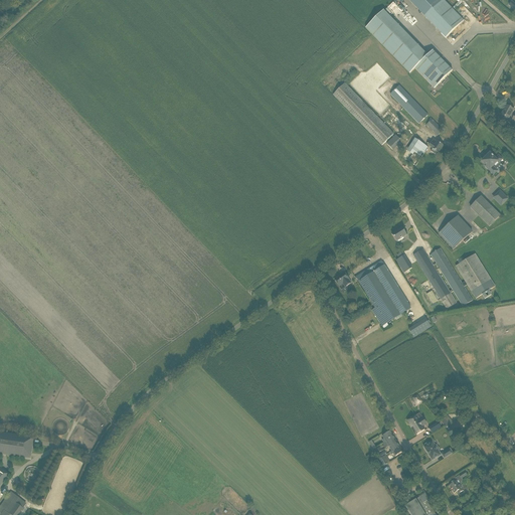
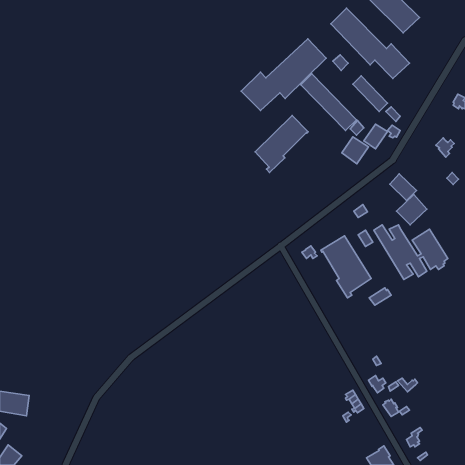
building: none -> [241,39,326,111]
building: none -> [255,115,308,172]
building: none -> [342,137,368,164]
building: [470,195,499,224] -> [390,174,416,200]

